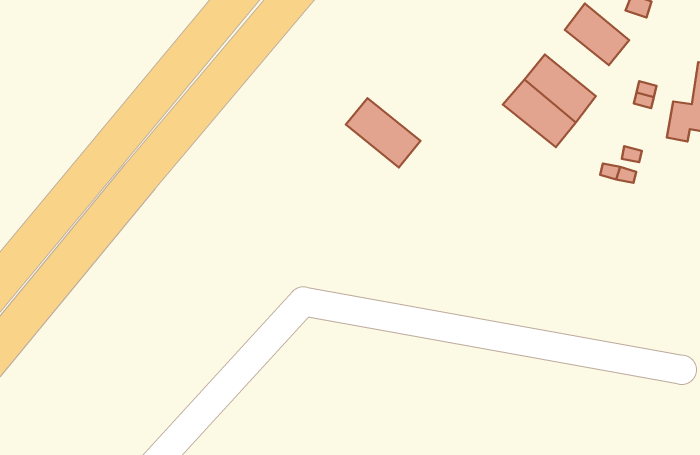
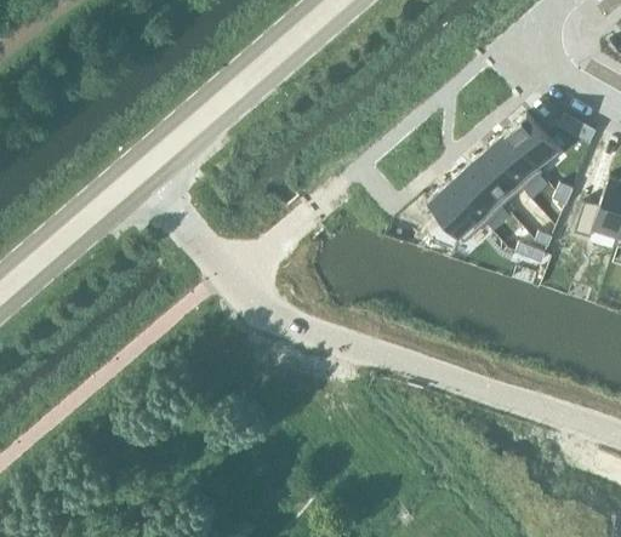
building: none -> [489,132,543,189]
building: [346,98,420,167] -> [428,183,485,242]

